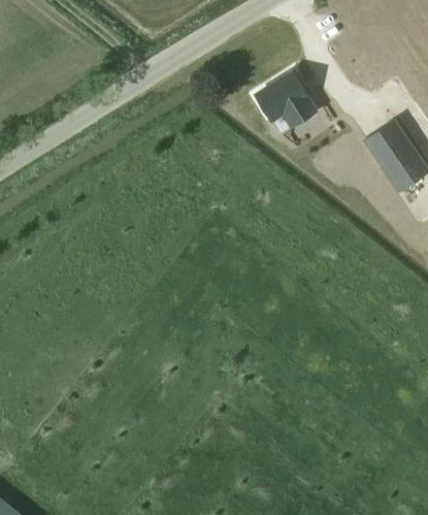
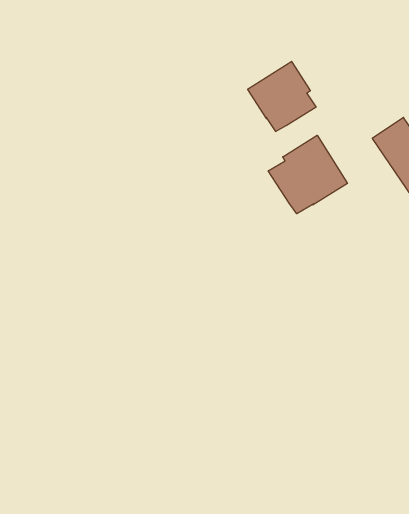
building: none -> [268,135,347,214]

